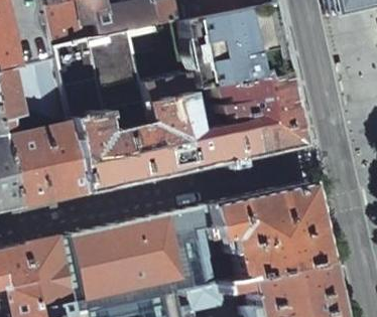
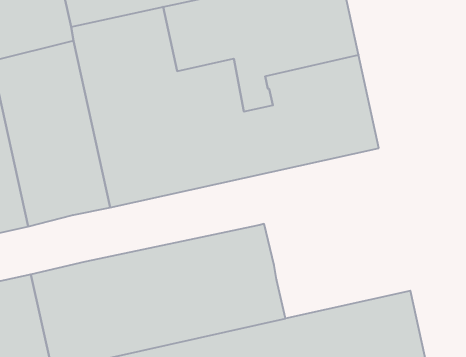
building: [212,182,329,280] -> none

